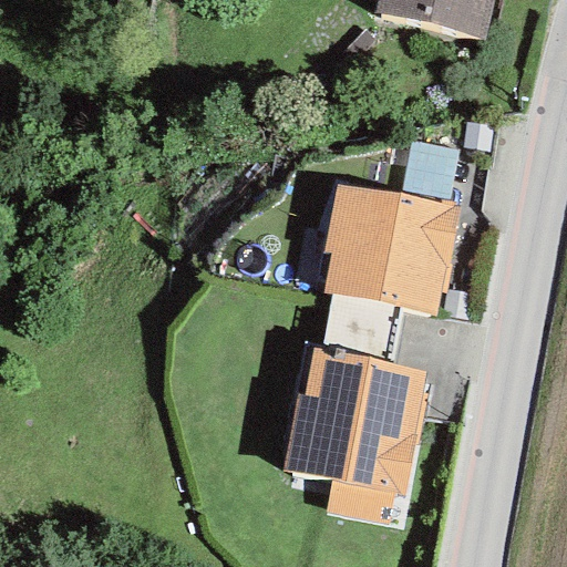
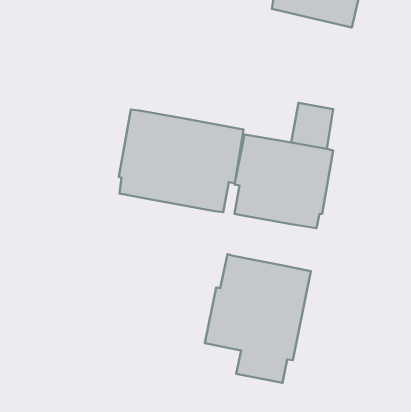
building: none -> [119,110,244,212]
building: [322,295,402,363] -> none

